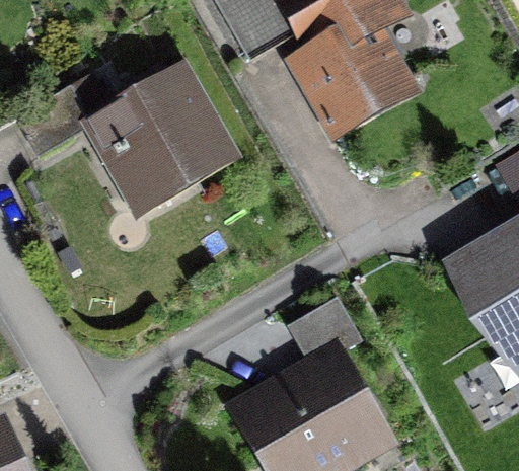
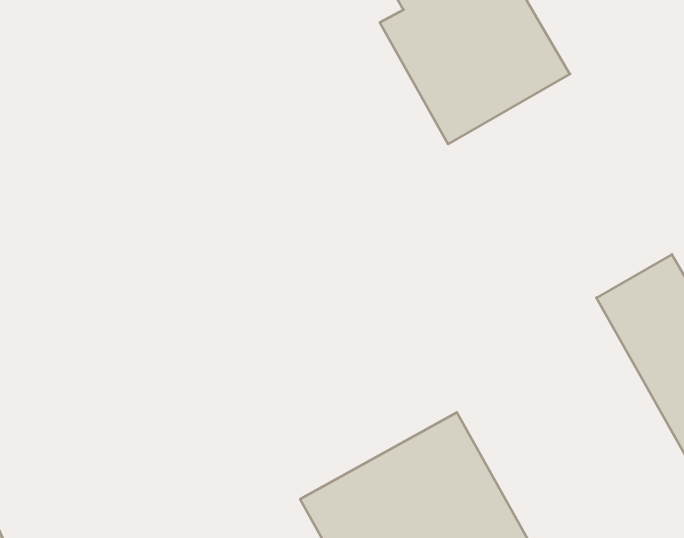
building: [77,60,247,223] -> none

